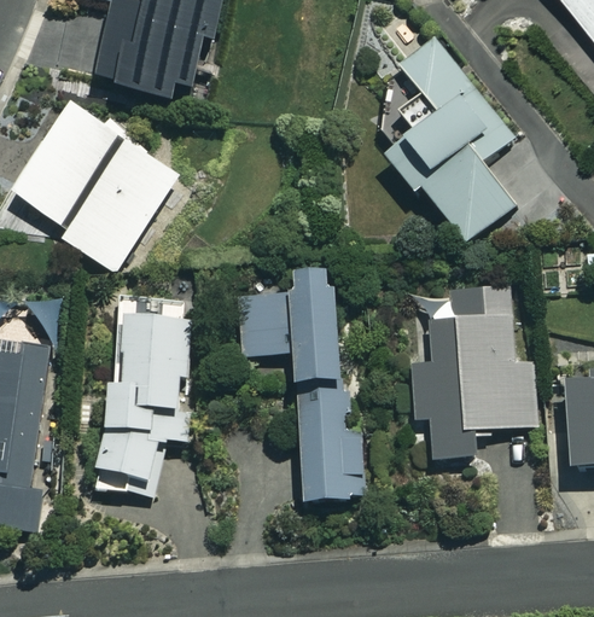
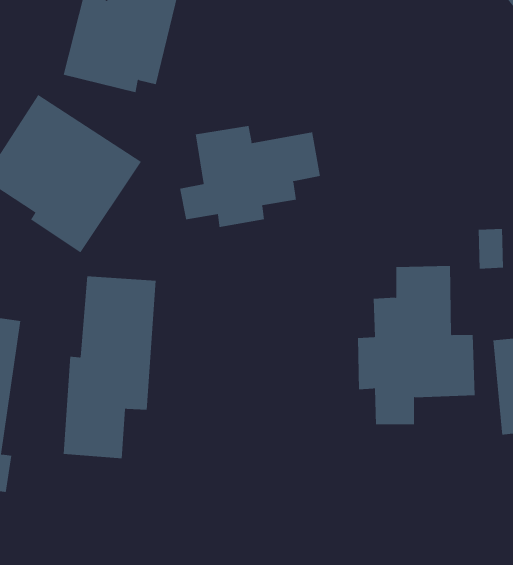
building: [382,36,513,243] -> none
building: none -> [179,125,320,228]
building: [237,269,366,501] -> none

